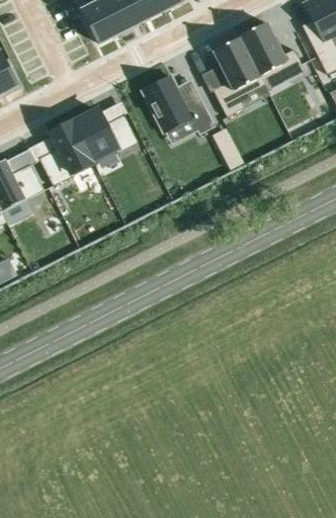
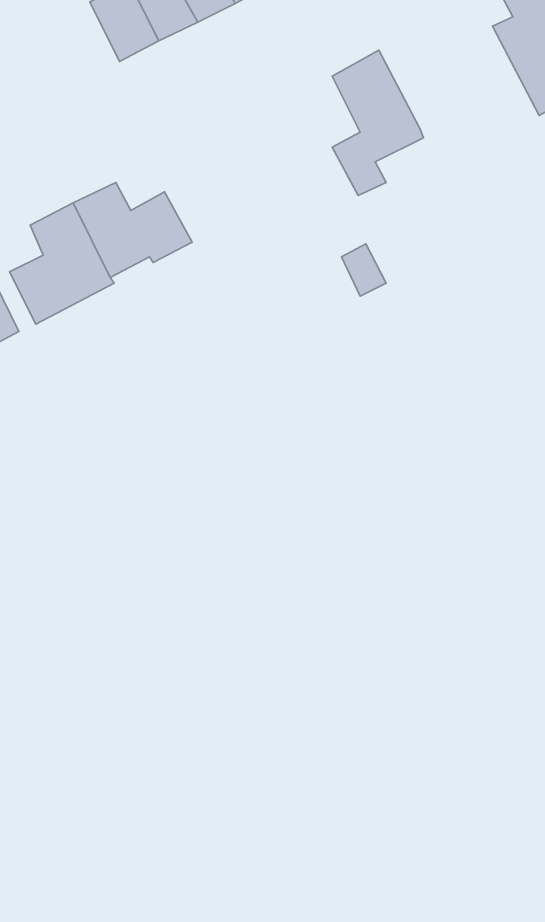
building: [239,21,305,78] -> none
building: [141,73,215,132] -> none

